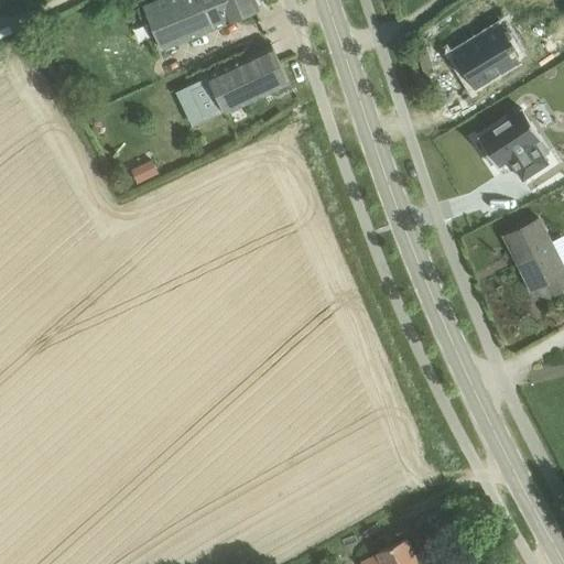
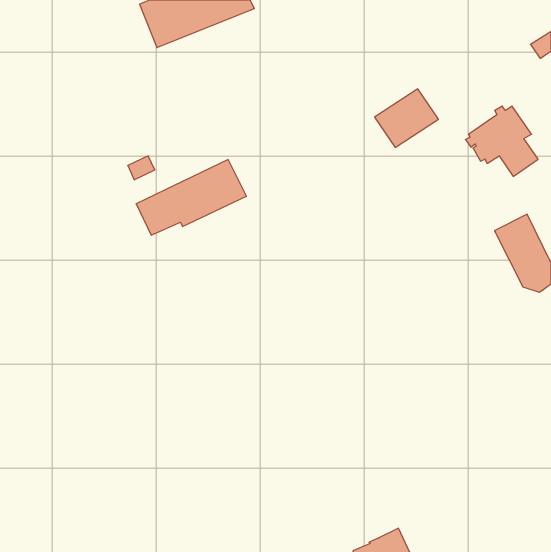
building: [457,23,522,83] -> [375,89,438,147]
building: [176,45,289,122] -> [136,160,246,235]

